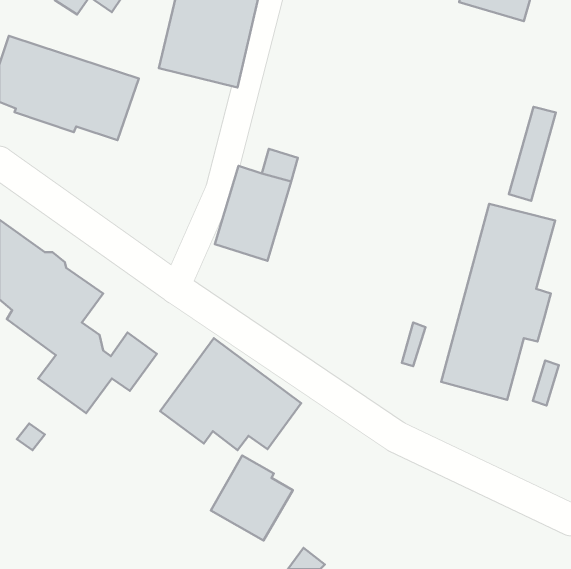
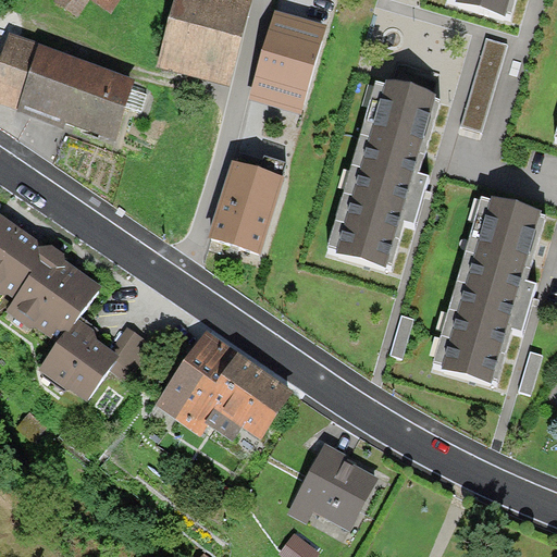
building: none -> [249,11,324,112]
building: none -> [325,84,440,274]
building: [509,107,556,201] -> [461,38,507,129]
building: [211,455,293,541] -> [296,443,375,525]

